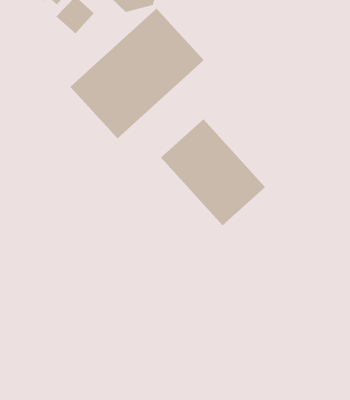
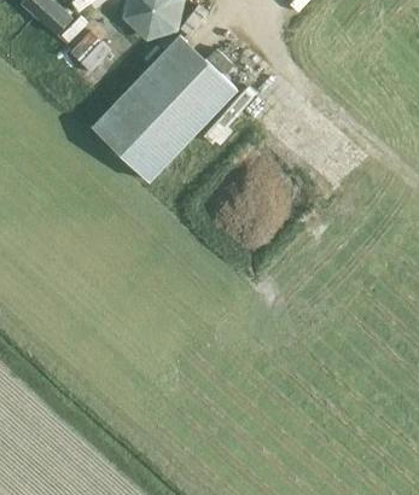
building: [160,118,266,226] -> none

